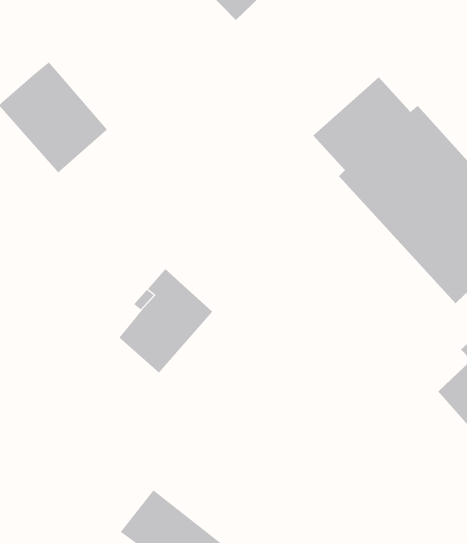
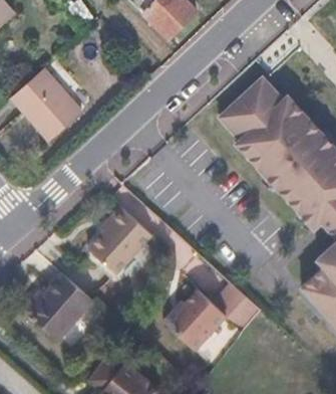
building: none -> [165,269,263,350]
building: none -> [22,272,94,341]

